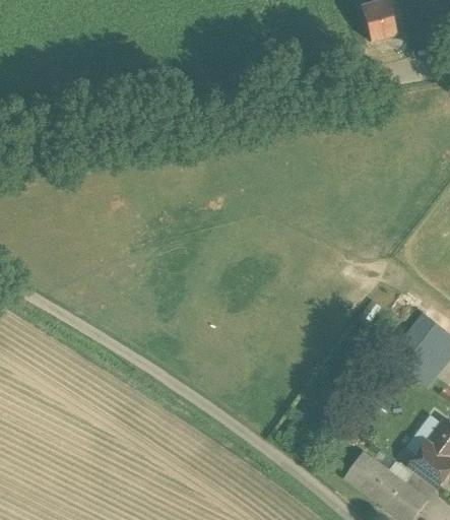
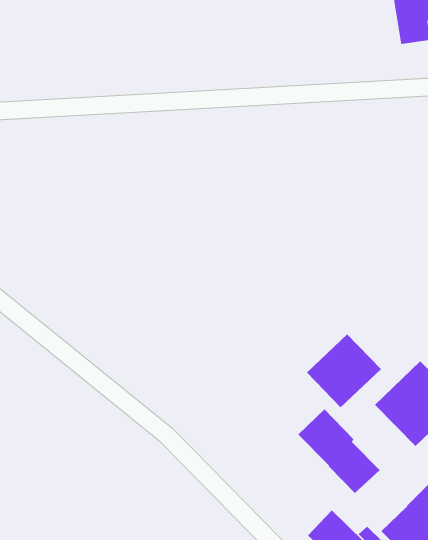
building: none -> [306,333,382,408]
building: none -> [297,408,380,494]

